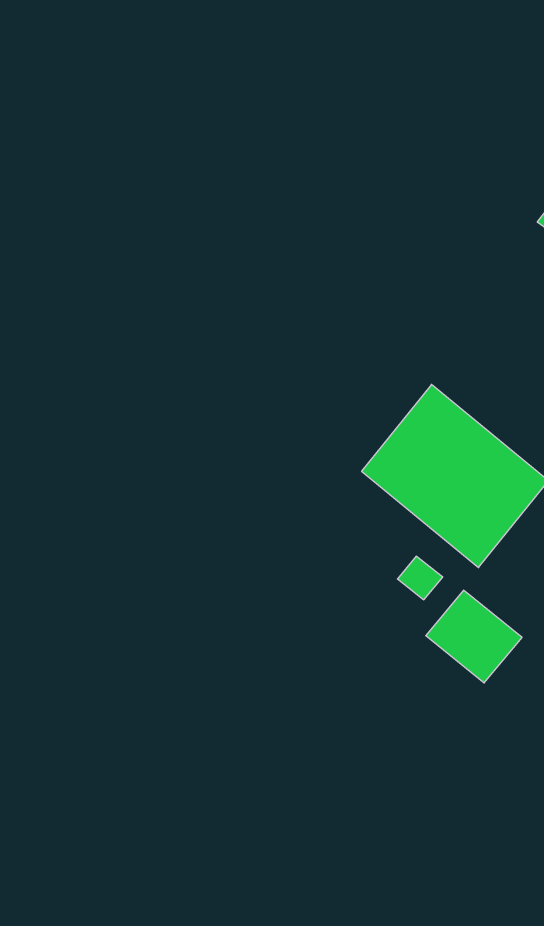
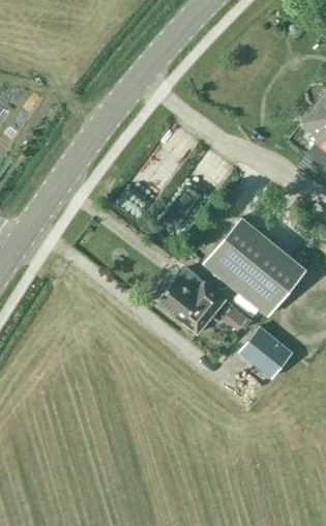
building: none -> [157,279,226,334]

